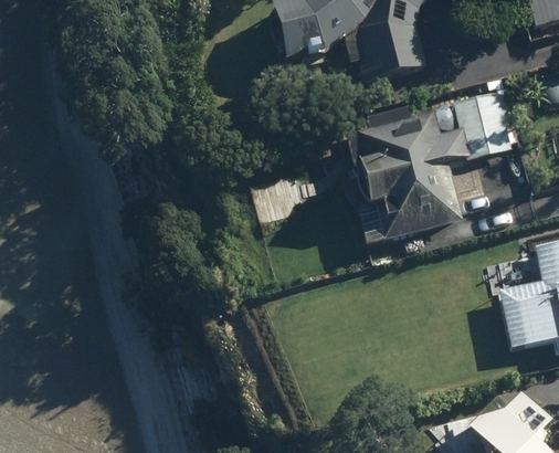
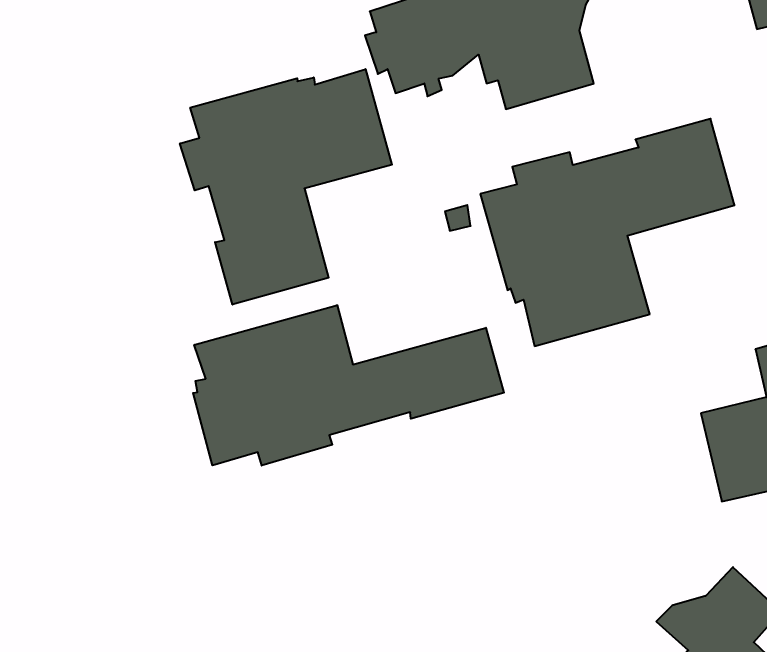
building: none -> [180,69,392,305]
building: none -> [193,305,504,466]

